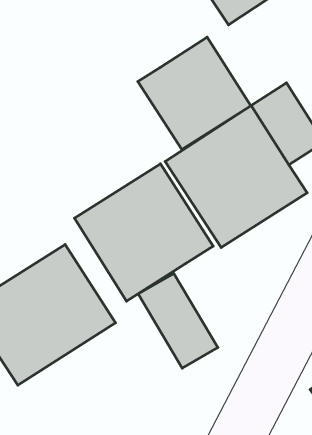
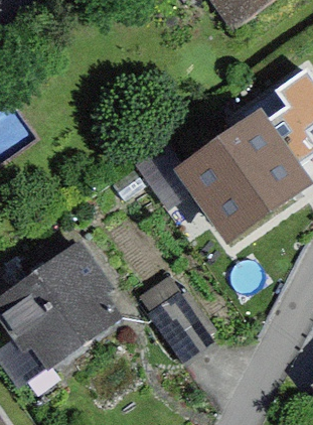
building: [138,37,251,150] -> none
building: [74,164,213,301] -> none

